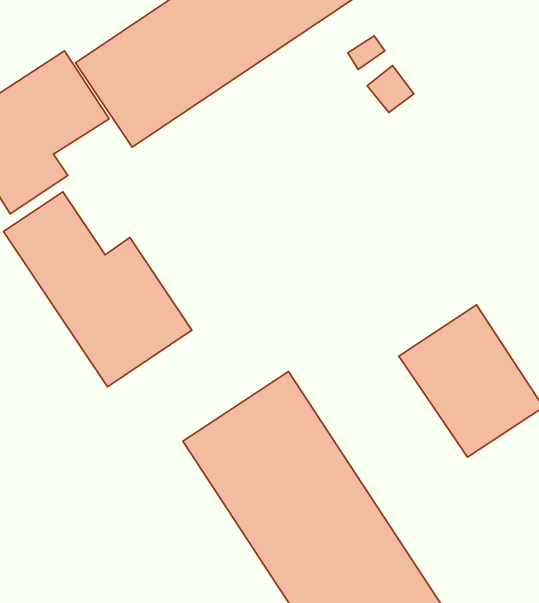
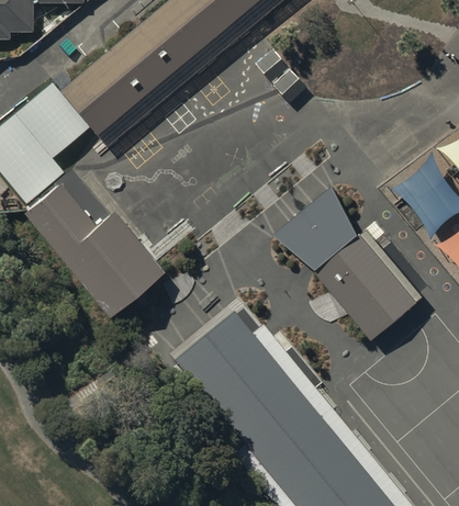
building: none -> [273,185,356,269]

